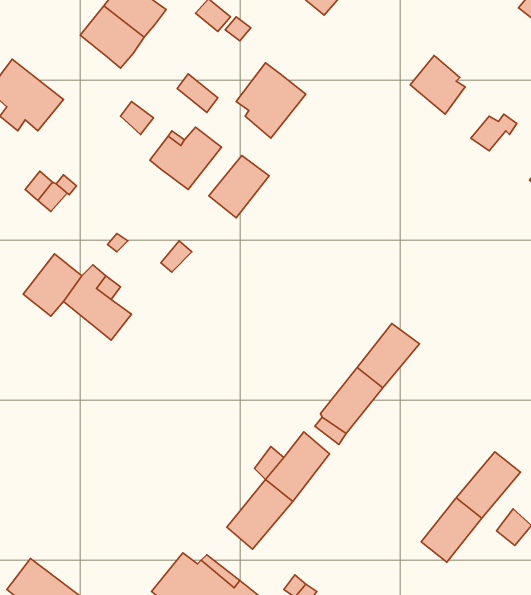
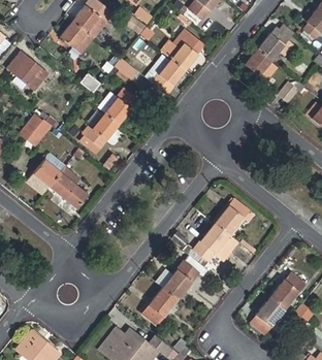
building: none -> [258,28,289,61]
building: none -> [171,29,206,70]
building: [209,156,269,218] -> [86,112,120,148]

